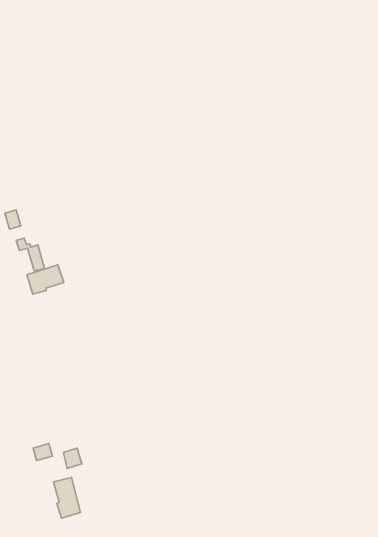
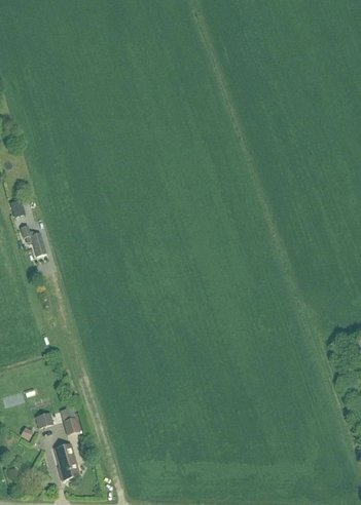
building: [27,265,64,294] -> none

